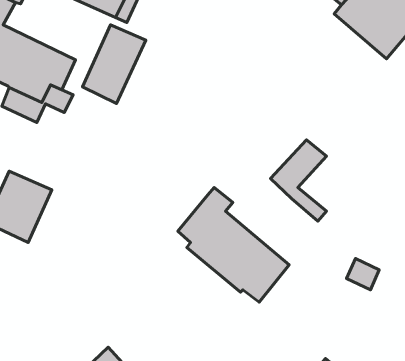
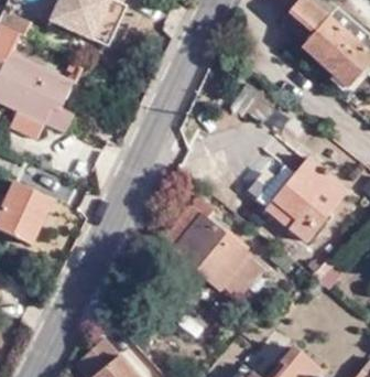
building: [82,25,146,103] -> none
building: none -> [270,155,350,243]

